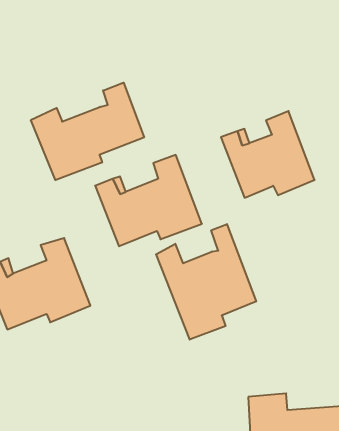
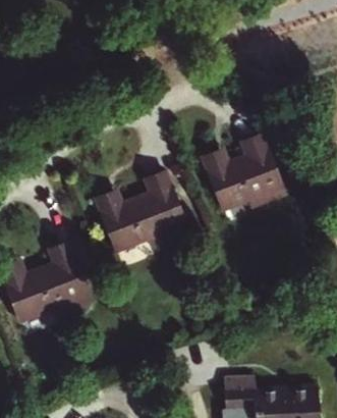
building: [31,83,144,180] -> none
building: [156,224,256,340] -> none

